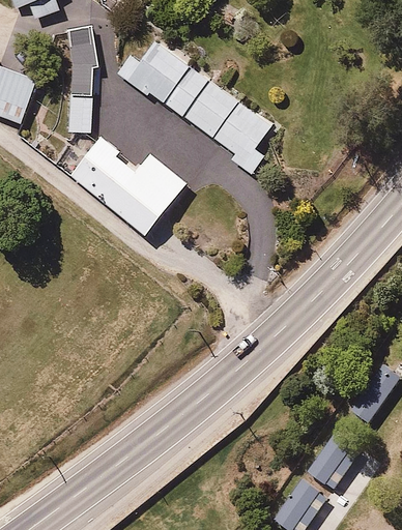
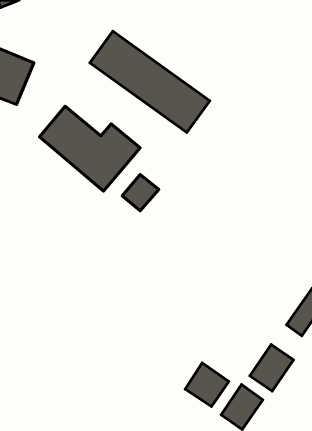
building: [63,27,94,126] -> none
building: none -> [122,174,159,211]
building: none -> [185,363,229,407]

